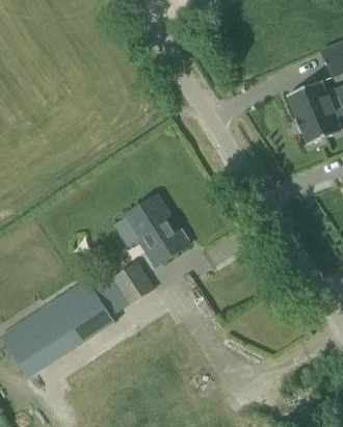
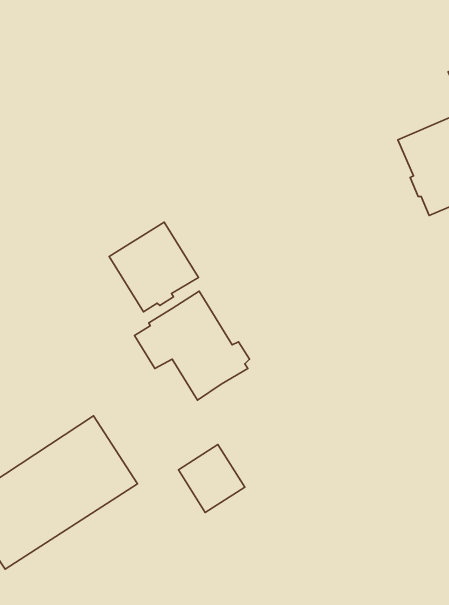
building: none -> [109,222,198,312]
building: [110,260,154,304] -> [178,445,245,512]

